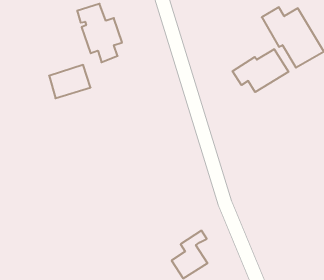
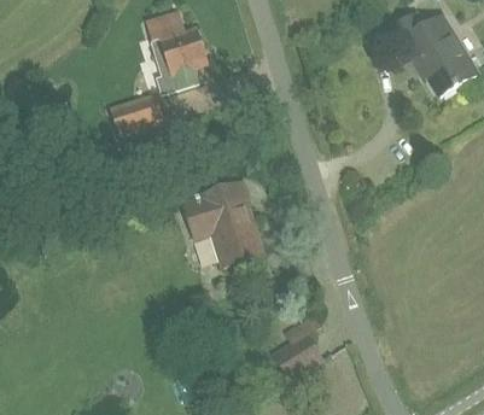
building: [233,49,288,92] -> none
building: none -> [183,181,262,264]

